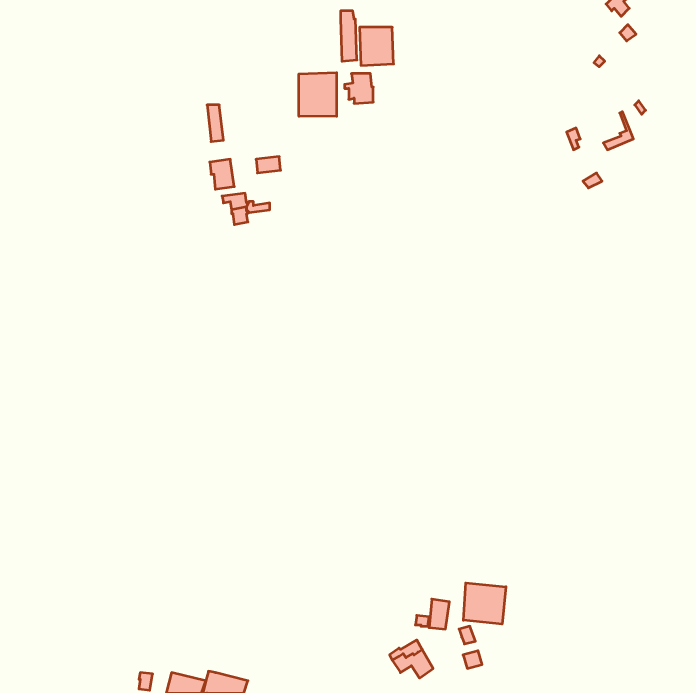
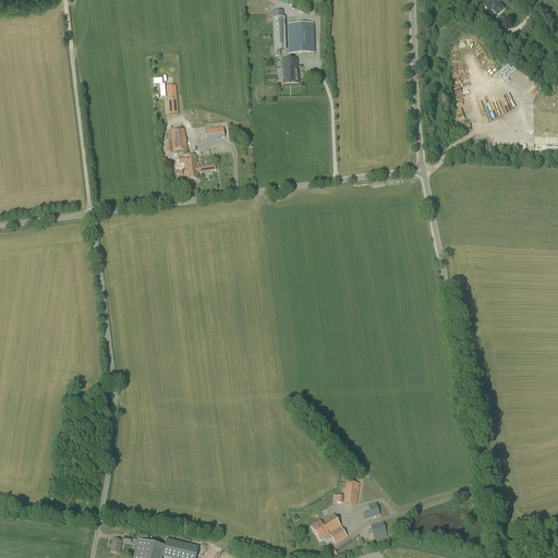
building: [299,73,337,116] -> none
building: [463,583,506,624] -> none

